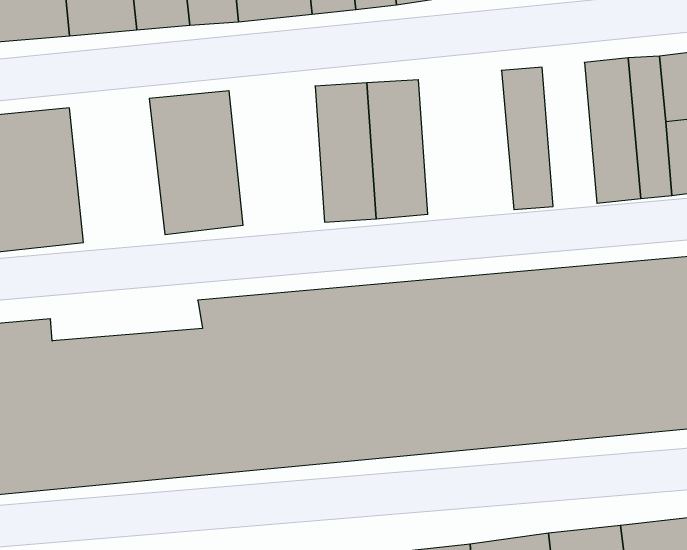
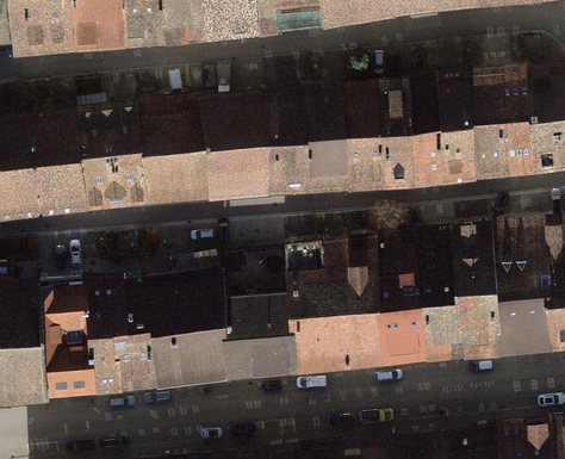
building: none -> [436,74,478,184]
building: none -> [342,80,415,190]
building: none -> [198,92,271,198]
building: none -> [76,101,149,211]

